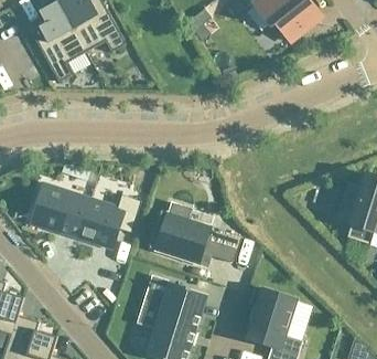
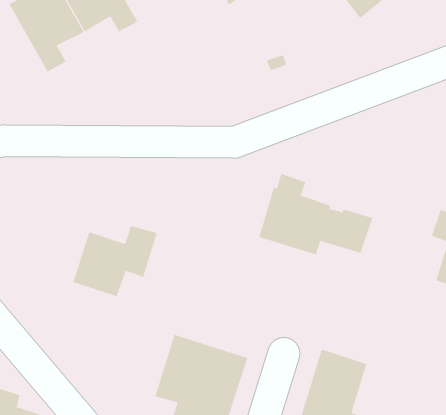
building: [31,184,89,236] -> none
building: [155,201,240,262] -> [258,173,373,255]

